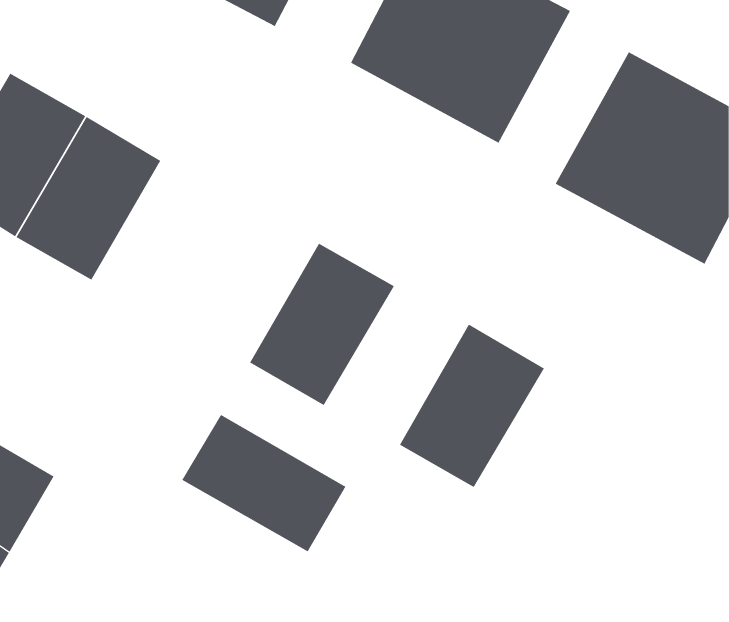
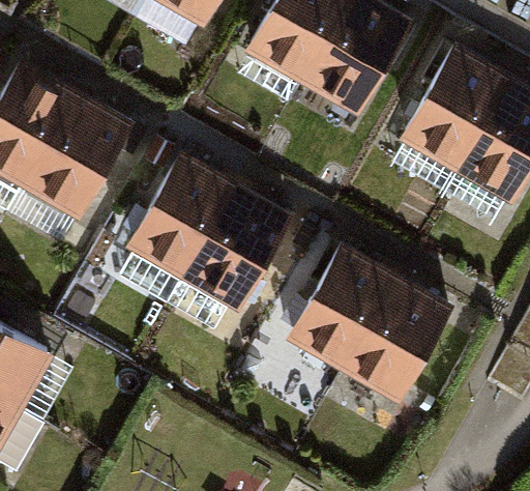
building: none -> [128,156,233,275]
building: none -> [345,279,449,397]
building: [182,414,346,552] -> none

